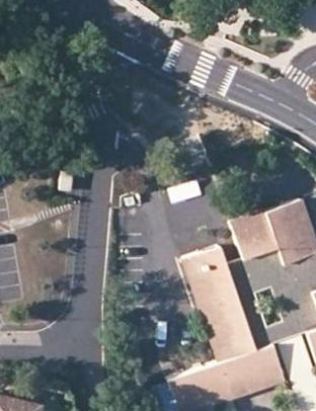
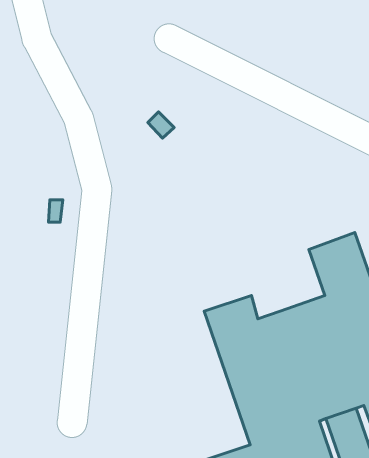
building: [230,210,276,259] -> none

